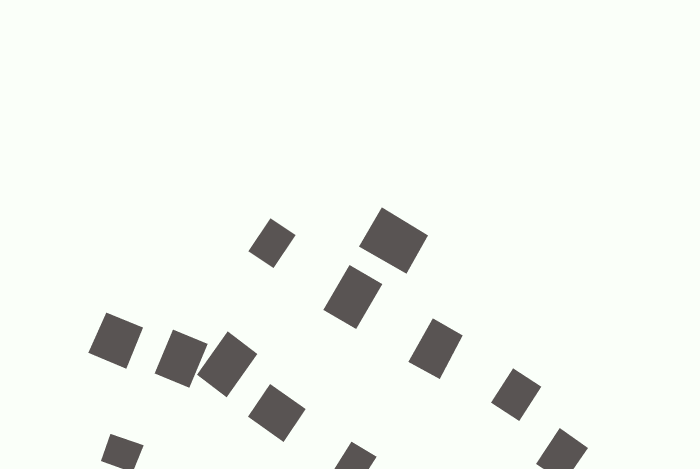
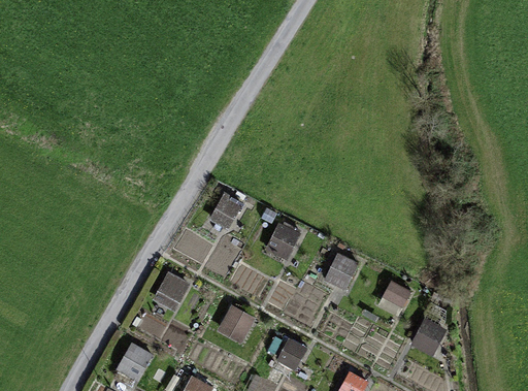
building: [358,206,429,275] -> none
building: [87,312,144,370] -> none
building: [196,330,259,398] -> none

